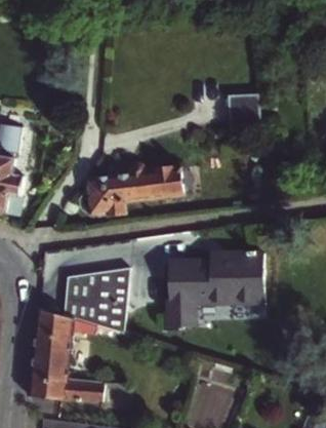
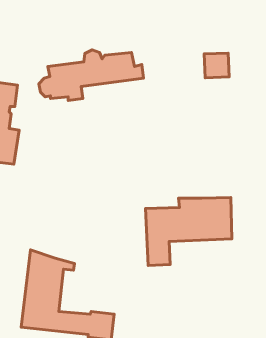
building: [77,161,194,218] -> [39,50,144,100]
building: [66,270,127,337] -> none

